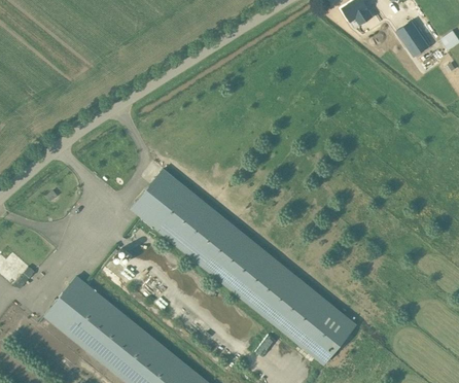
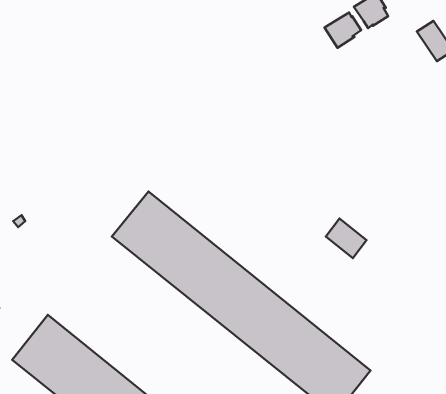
building: none -> [324,12,361,48]
building: none -> [326,219,367,258]

